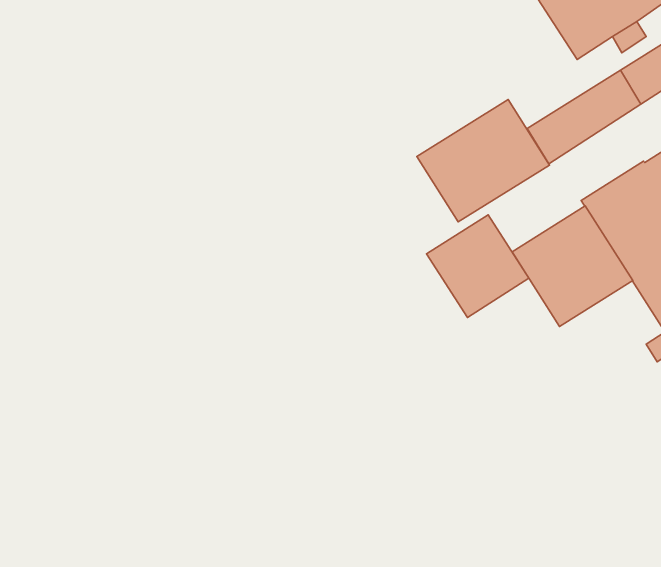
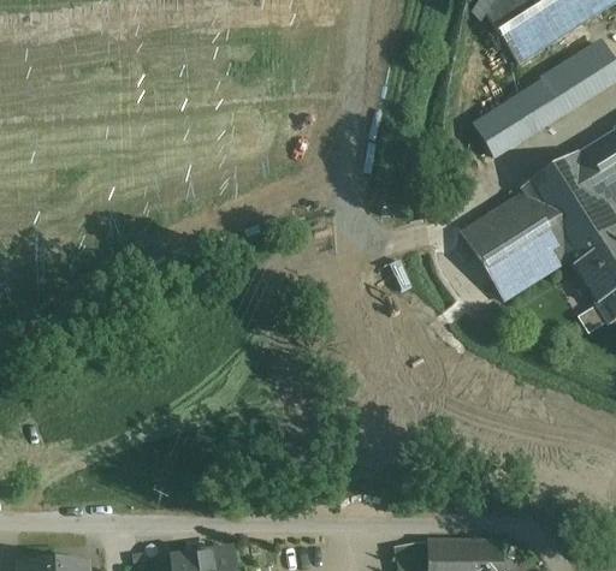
building: [417,100,549,222] -> none
building: [427,215,529,317] -> none

